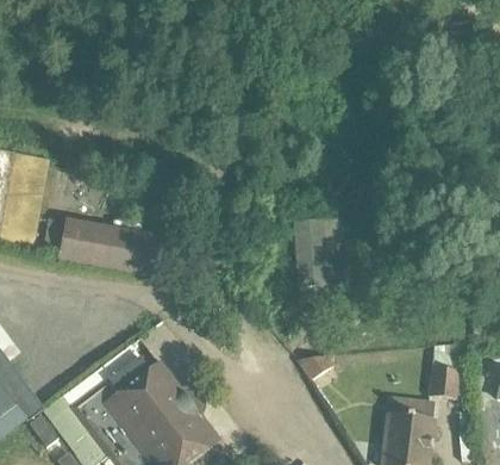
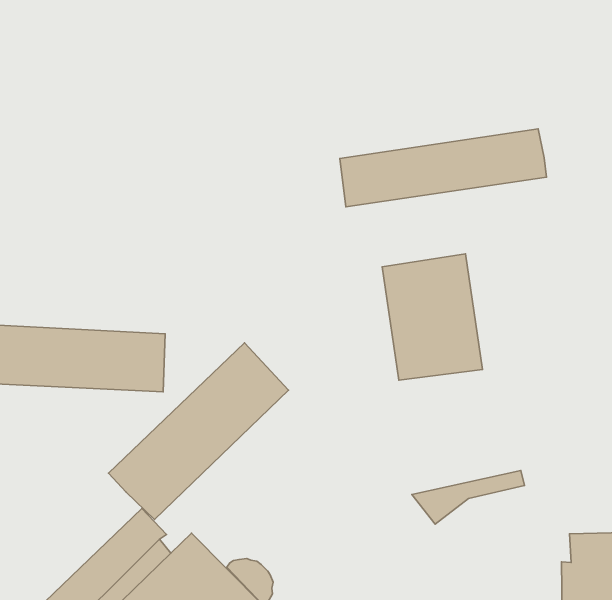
building: none -> [340,129,547,207]
building: none -> [109,343,289,519]

